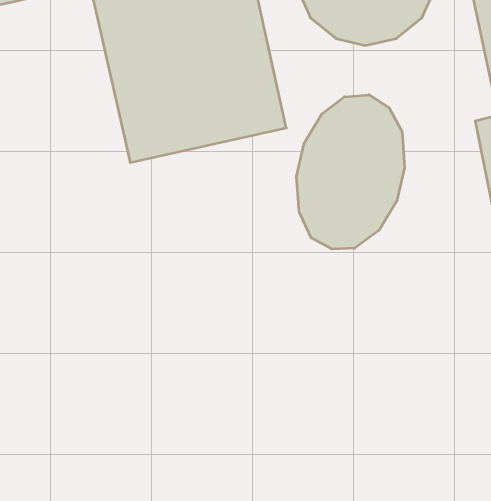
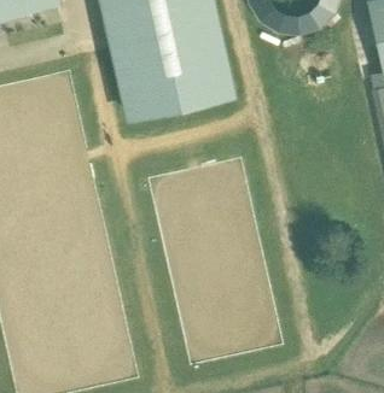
building: [296,95,405,249] -> none

